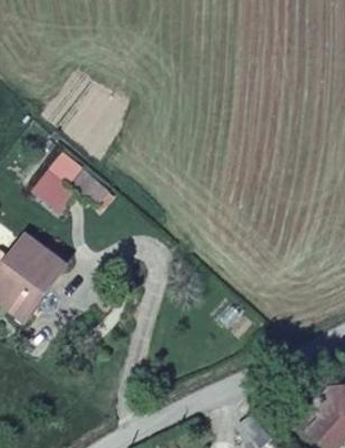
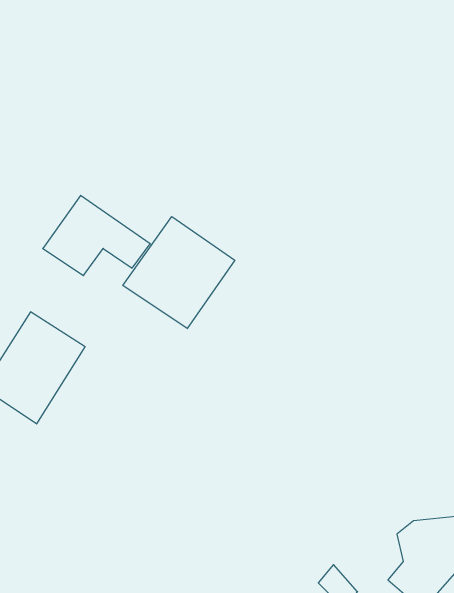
building: none -> [123,217,235,329]

